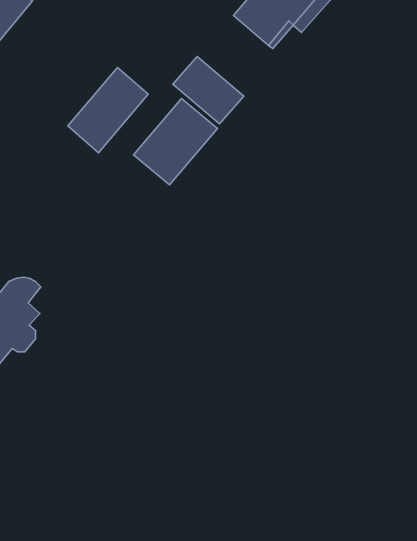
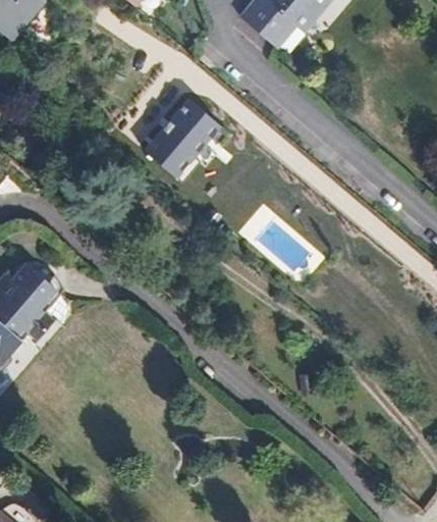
building: [173,56,244,124] -> none
building: [68,67,148,153] -> none

